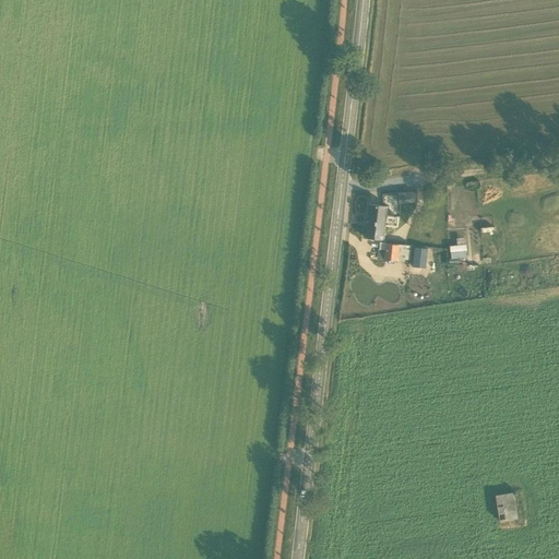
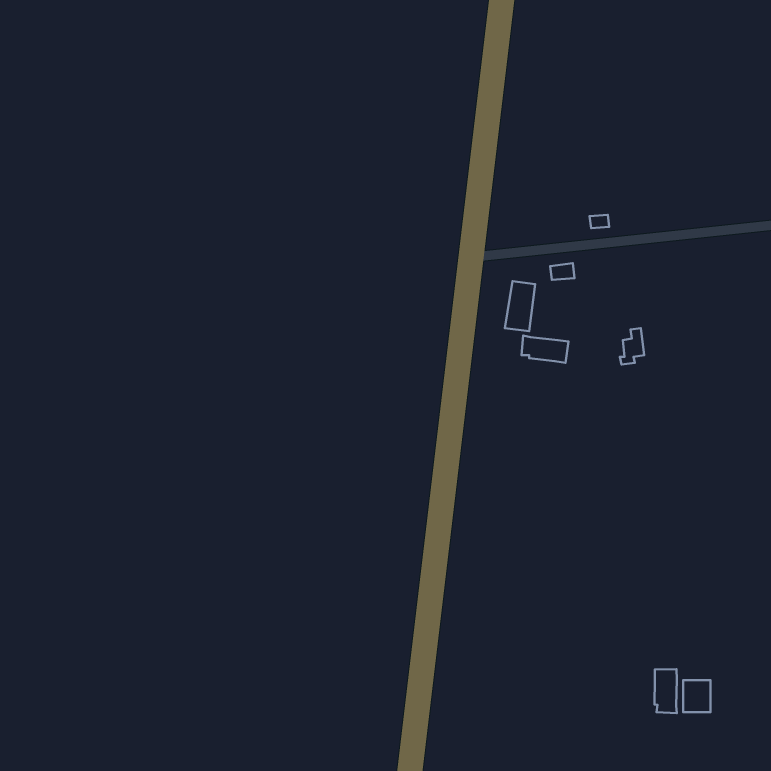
building: none -> [655,669,677,713]

